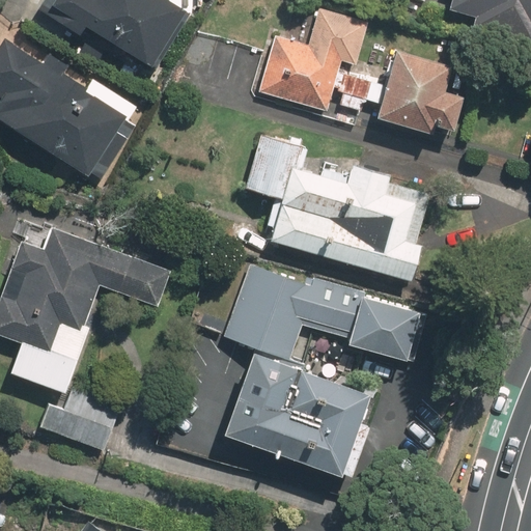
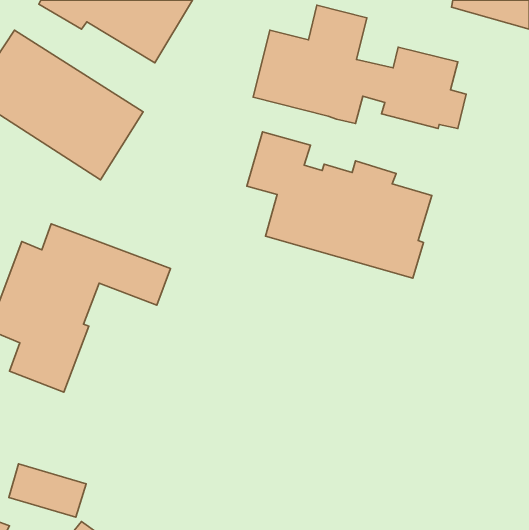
building: [227,263,421,358] -> none
building: [228,354,373,477] -> none
building: [28,393,105,446] -> [9,464,86,517]

